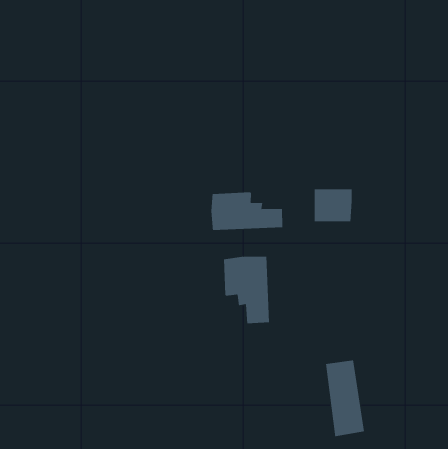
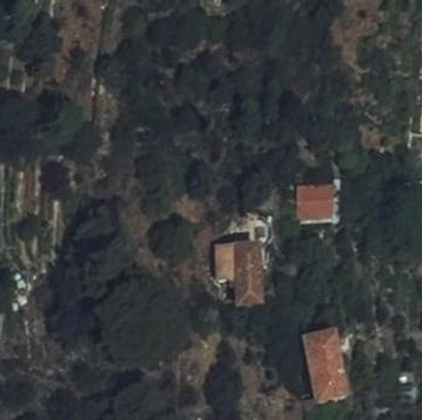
building: [211,192,283,231] -> none

